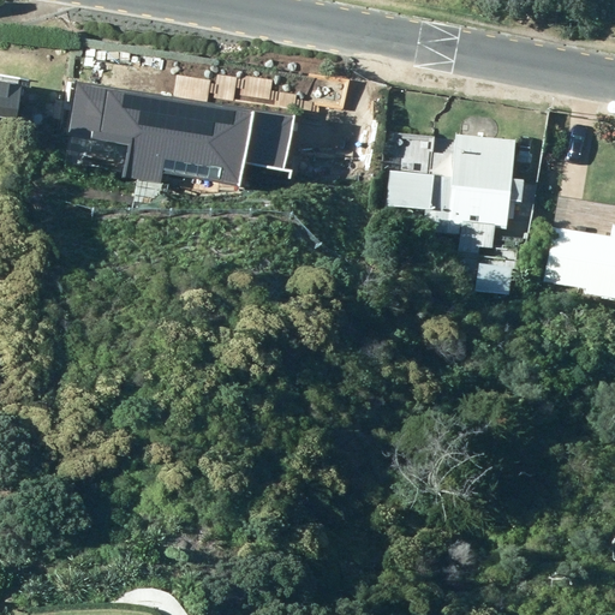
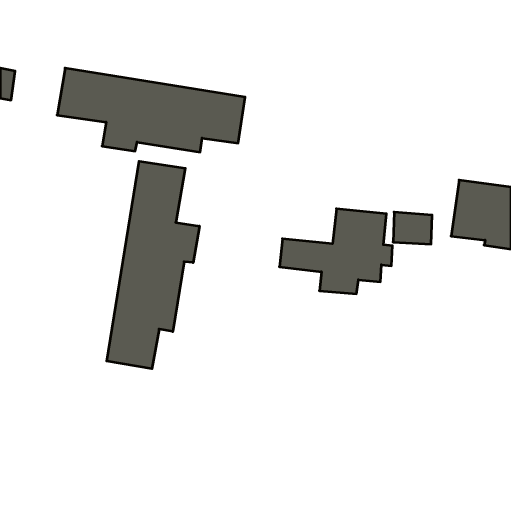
building: [384,135,520,237] -> [279,209,392,294]
building: none -> [107,161,199,369]

